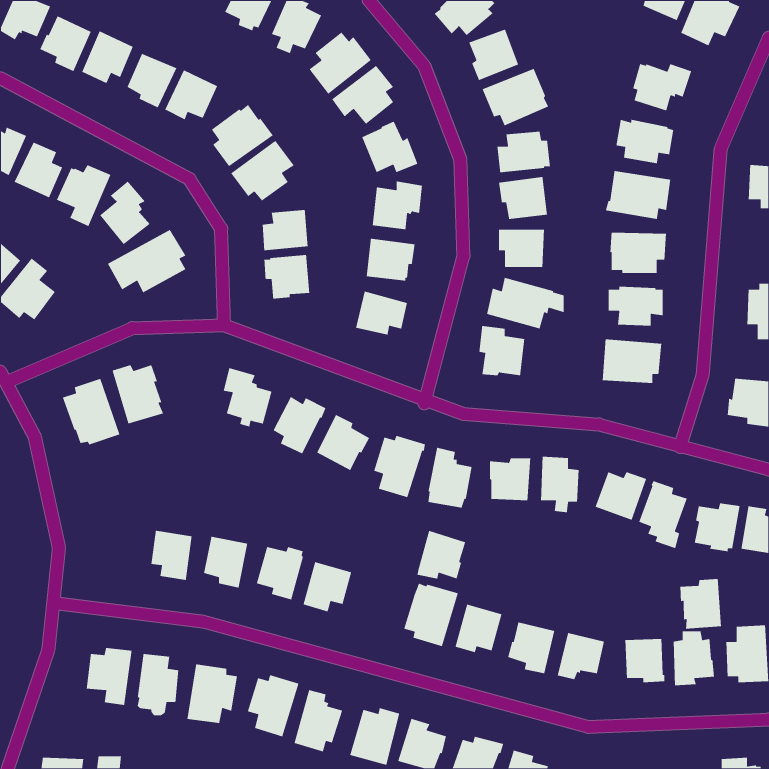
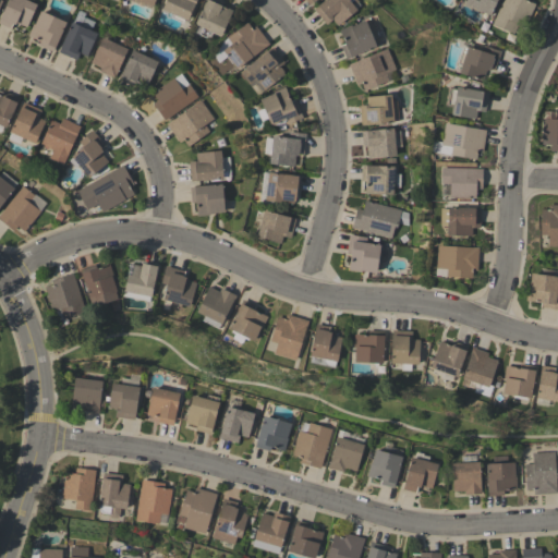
building: none -> [124,263,158,302]
building: none -> [72,378,102,413]
building: [417,530,466,580] -> [255,415,291,451]
building: [679,578,722,630] -> none

